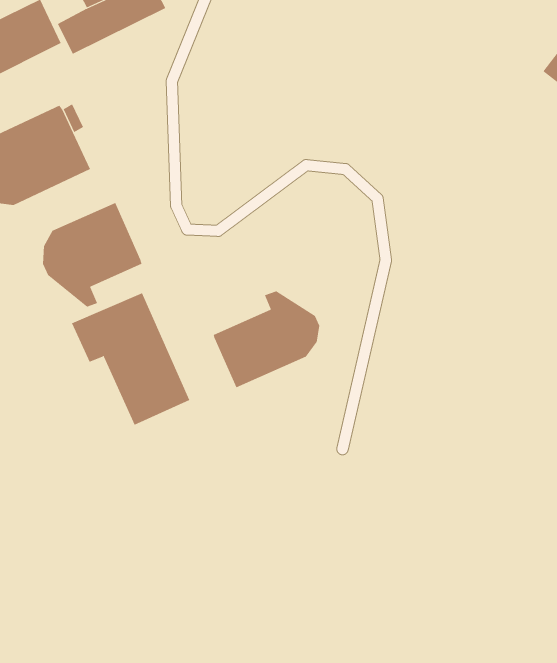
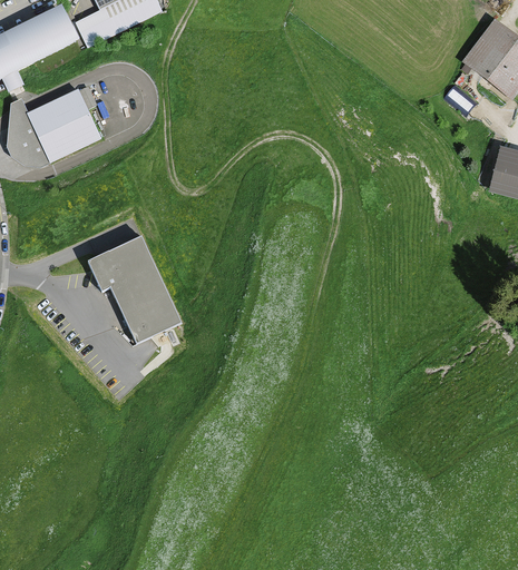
building: [42,202,142,307] -> none
building: [213,290,320,388] -> none

